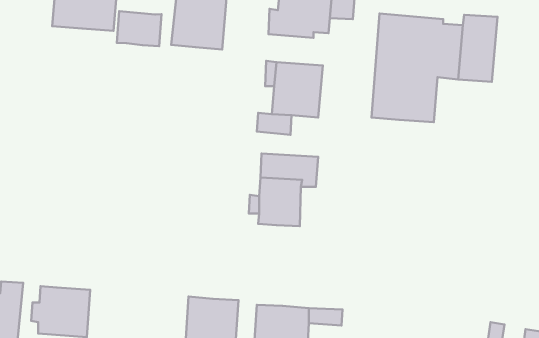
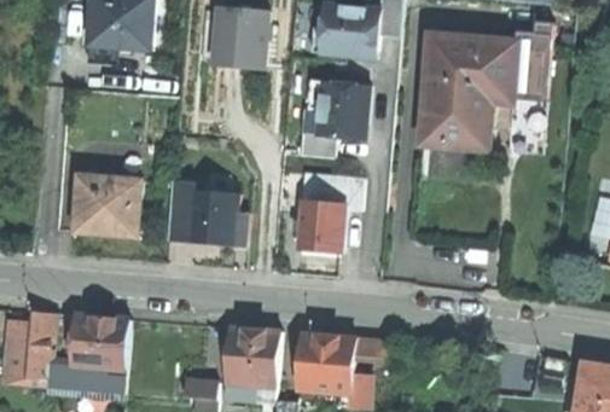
building: [117,11,162,46] -> none
building: none -> [72,176,138,233]
building: none -> [167,182,246,245]

